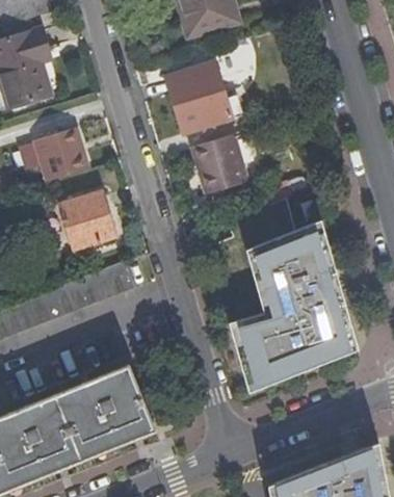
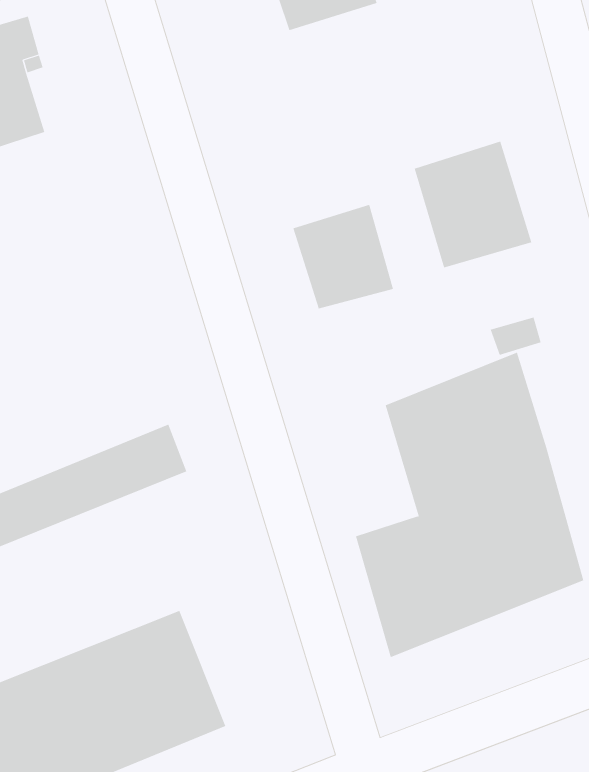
building: [167,64,234,136] -> [414,141,532,268]
building: [33,127,88,182] -> none
building: [59,192,115,251] -> none

